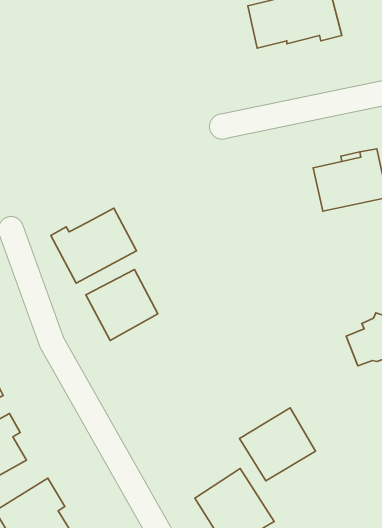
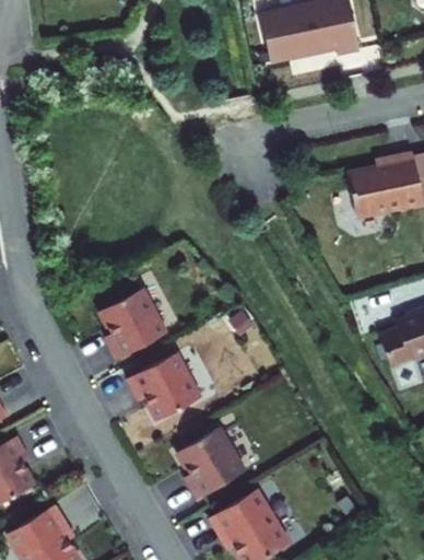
building: [51,208,136,283] -> none
building: none -> [138,348,207,415]
building: [239,408,316,481] -> [174,421,252,497]

